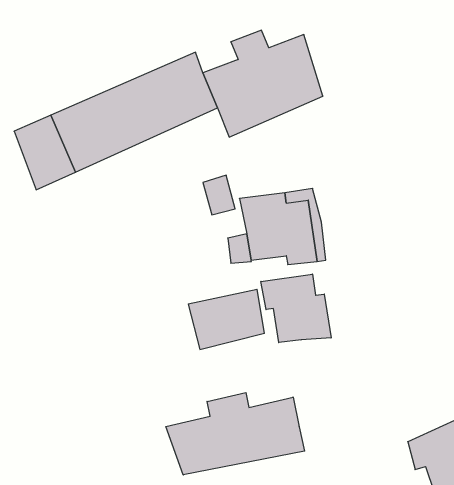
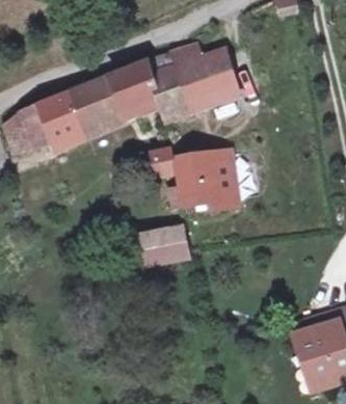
building: [261,274,331,343] -> none
building: [166,393,305,475] -> none

